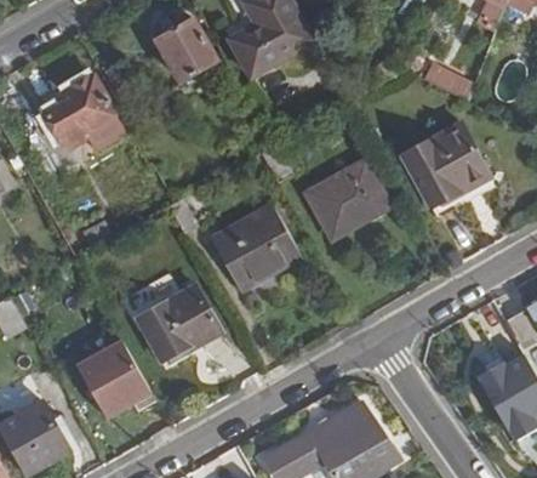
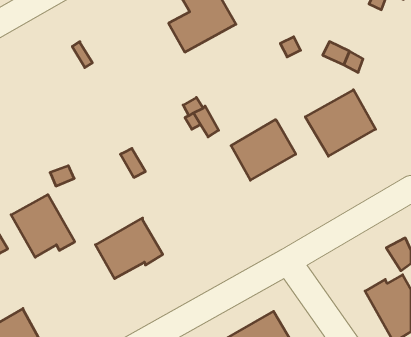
building: [154,18,215,80] -> none
building: [45,78,124,150] -> none
building: [208,204,299,292] -> none
building: [78,340,158,419] -> [11,195,75,257]

